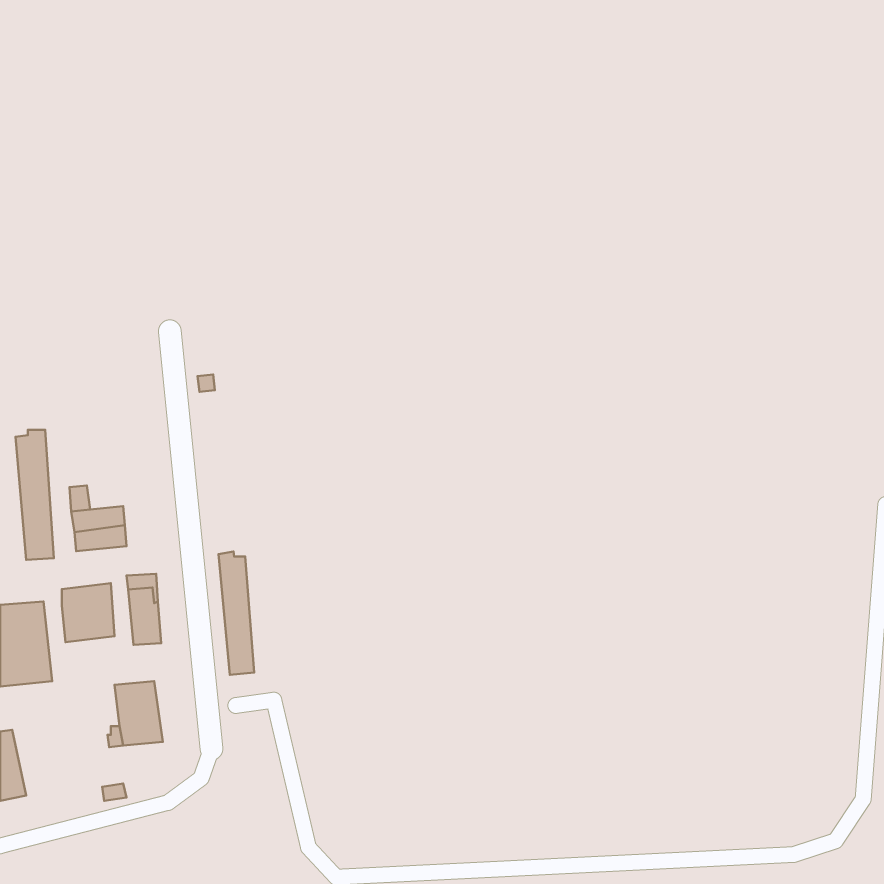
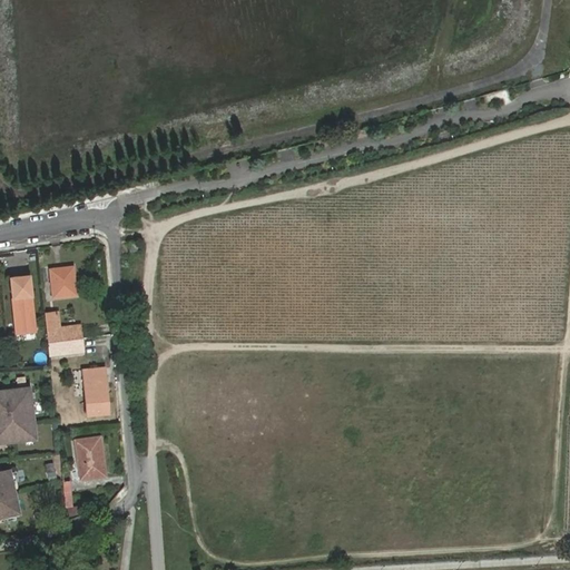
building: none -> [51,266,76,296]
building: [218,552,254,675] -> none
building: [62,583,114,642] -> none

